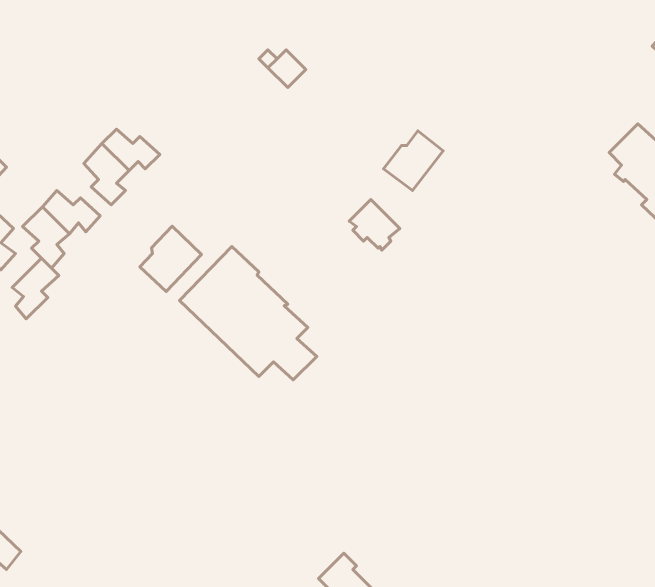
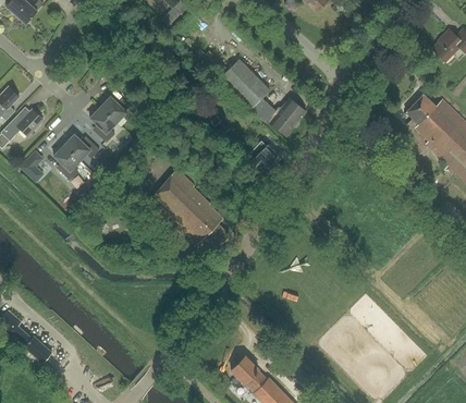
building: none -> [222,58,271,108]
building: [140,226,201,292] -> none
building: [12,258,59,319] -> none

